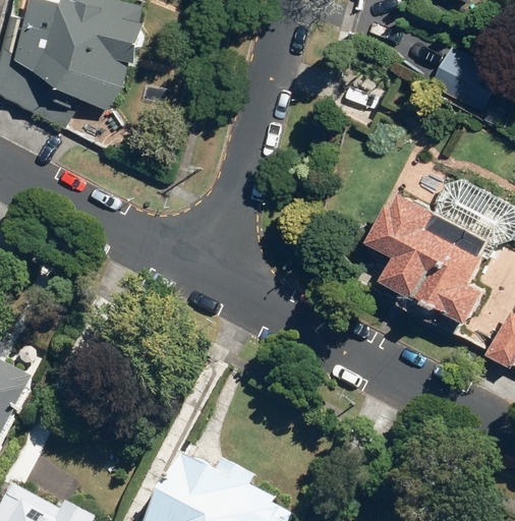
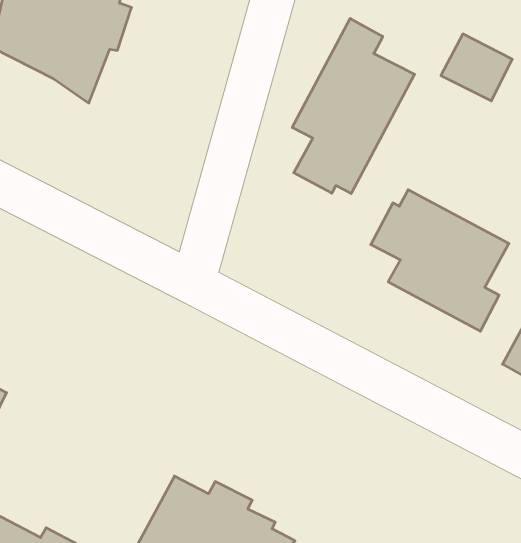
building: none -> [292,18,415,194]

